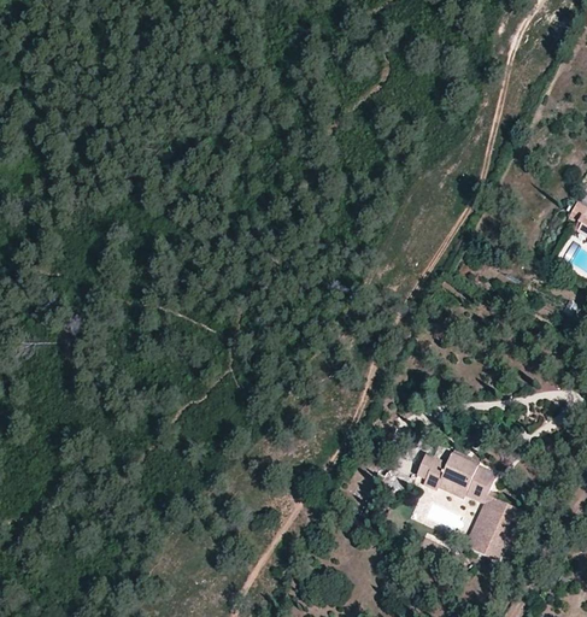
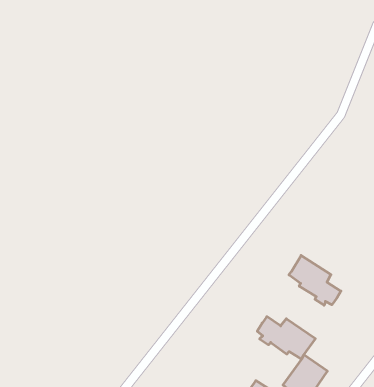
building: none -> [289,255,341,305]

